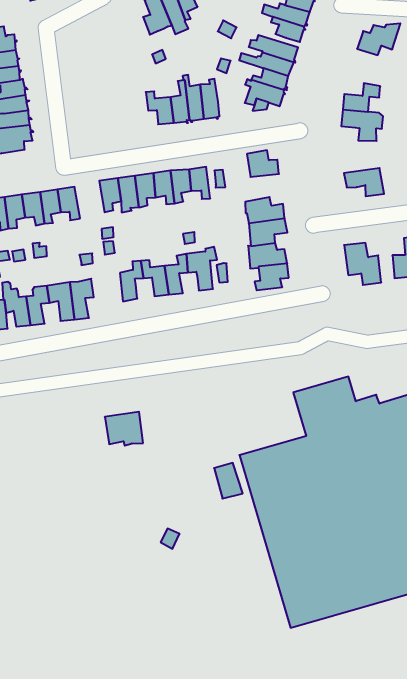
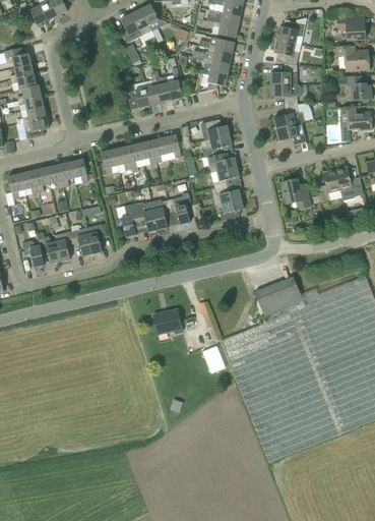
building: none -> [273,39,298,64]
building: none -> [272,104,304,129]
building: none -> [201,134,231,157]
building: [105,412,143,446] -> [152,308,182,334]

